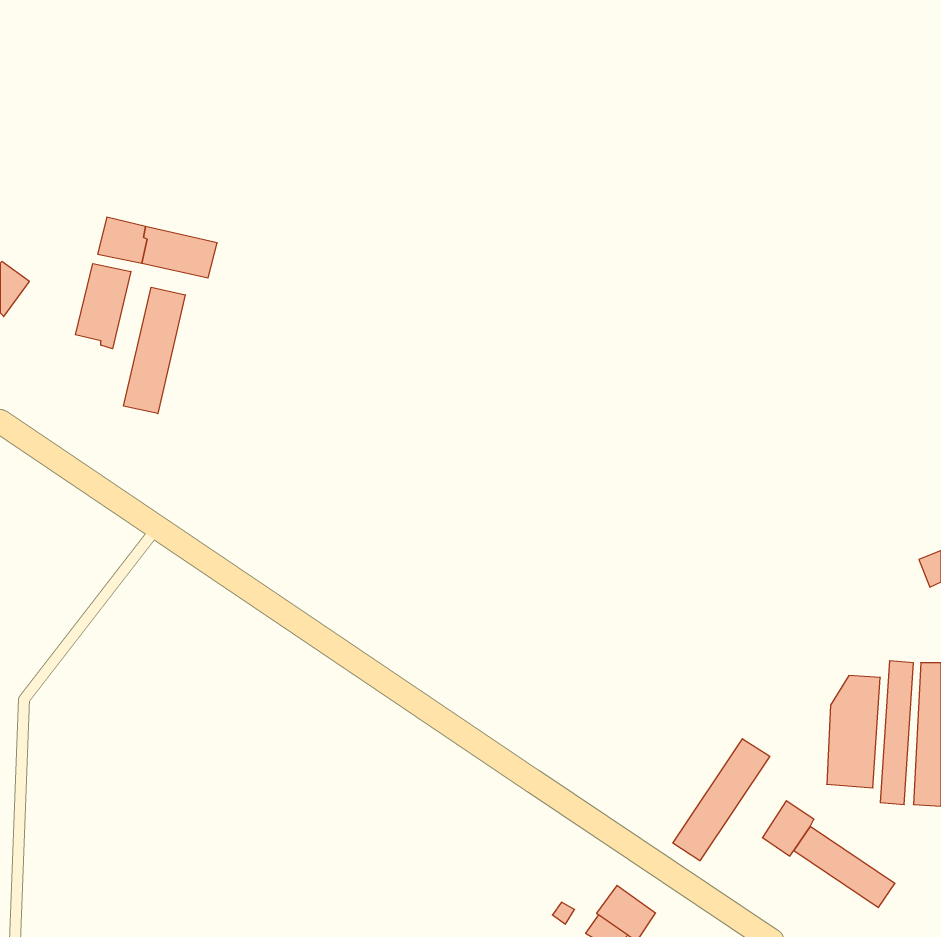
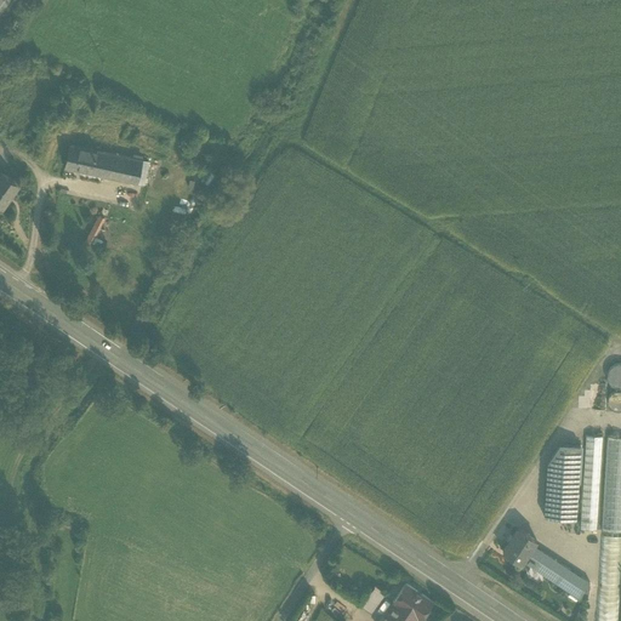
building: [75,264,131,349] -> none
building: [124,287,185,414] -> none
building: [673,739,770,861] -> none

